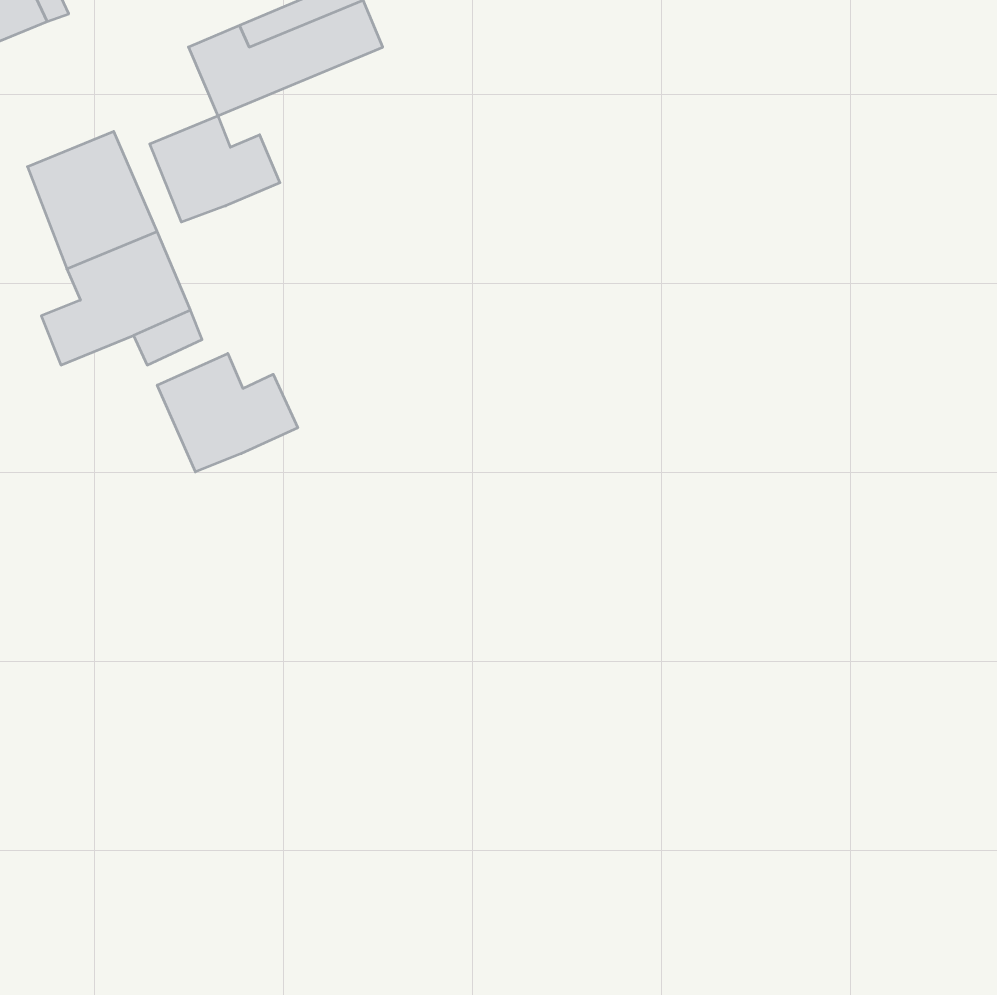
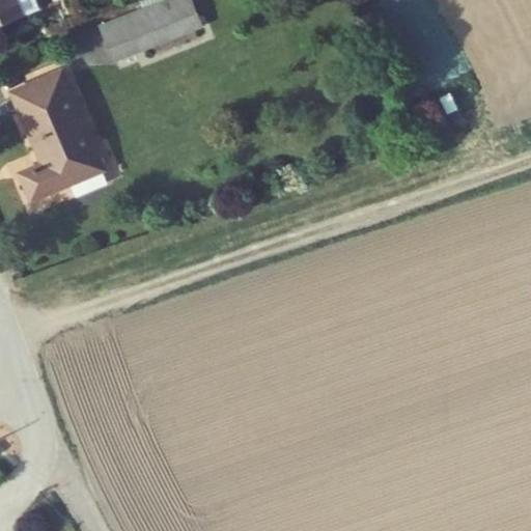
building: [150,116,280,222] -> none
building: [157,353,298,472] -> none

